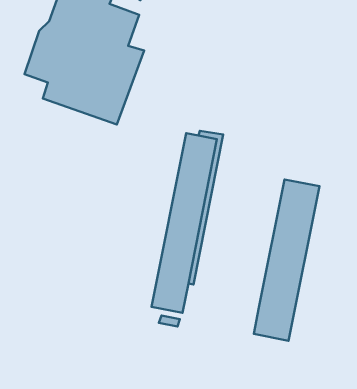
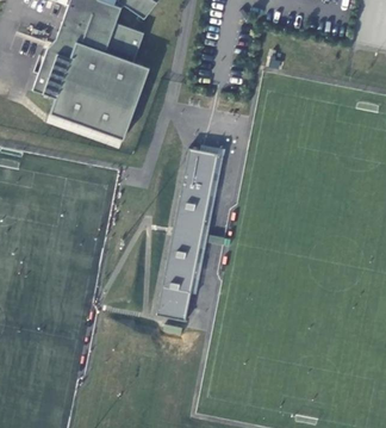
building: [254,179,319,341] -> none

